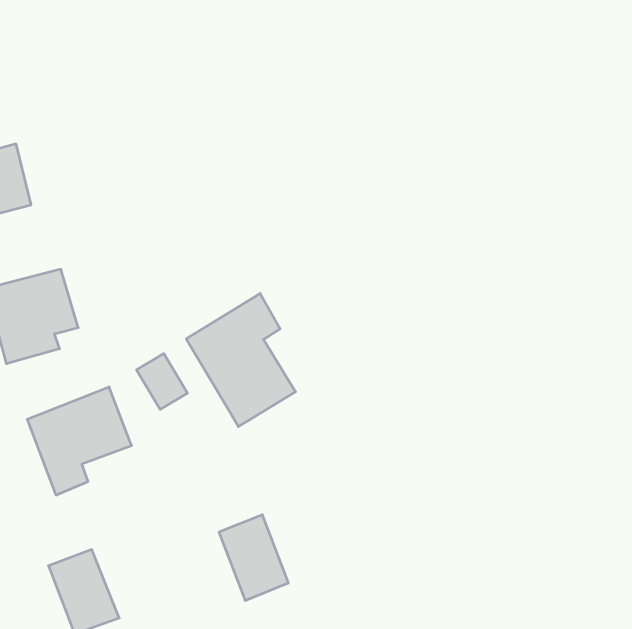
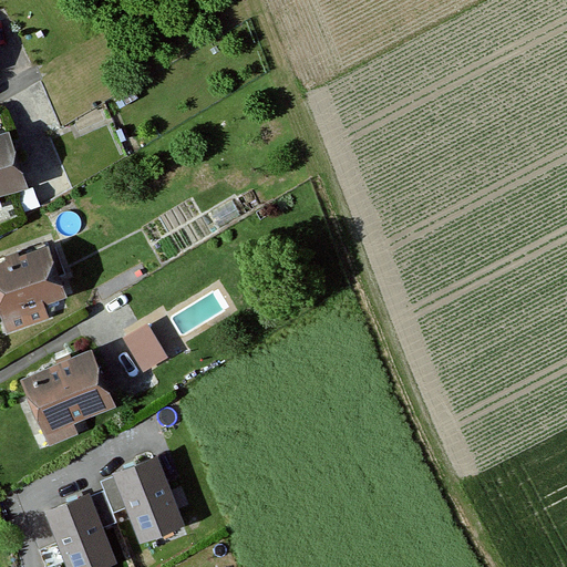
building: [186,293,296,427] -> none
building: [219,515,288,600] -> [114,461,176,537]

